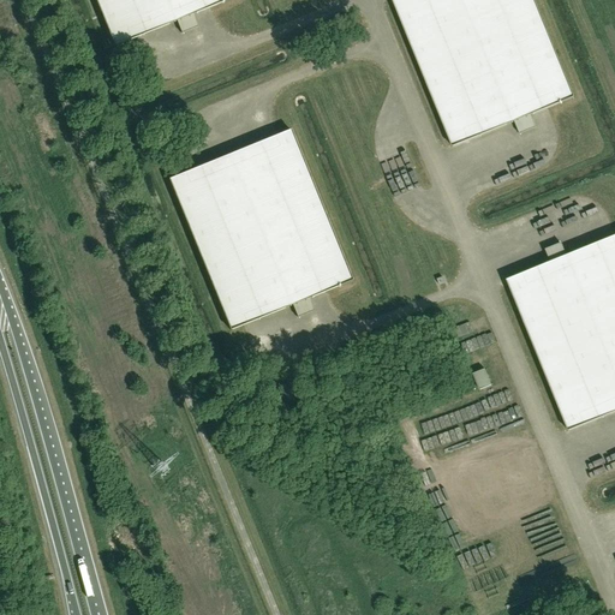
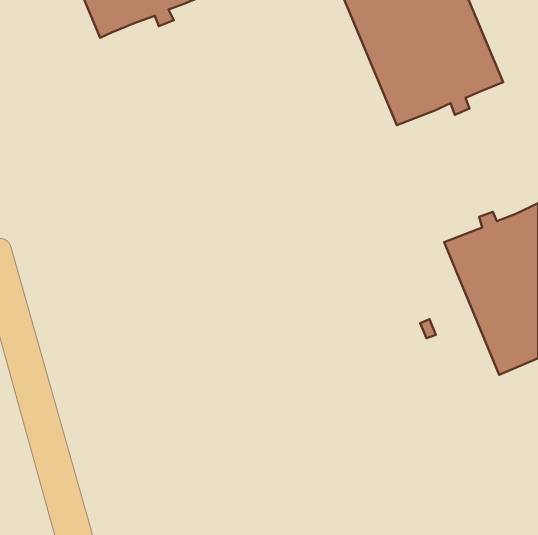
building: [169,126,352,327] -> none

